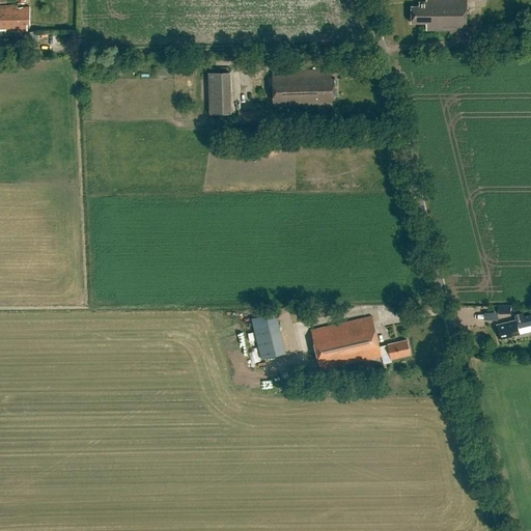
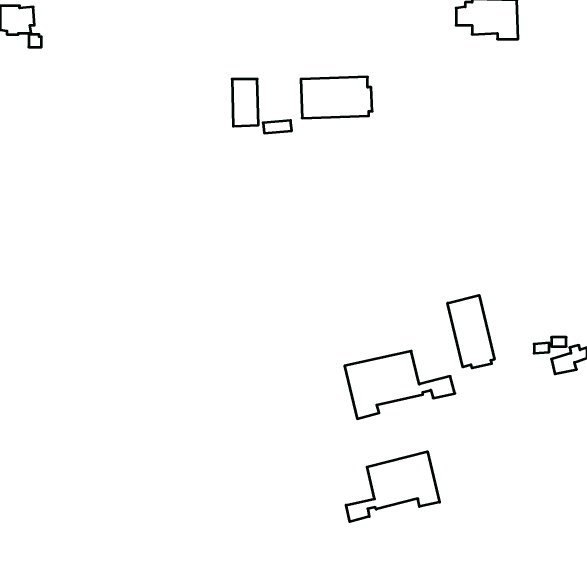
building: none -> [448,295,494,368]
building: [249,311,284,359] -> none
building: none -> [346,452,440,522]

